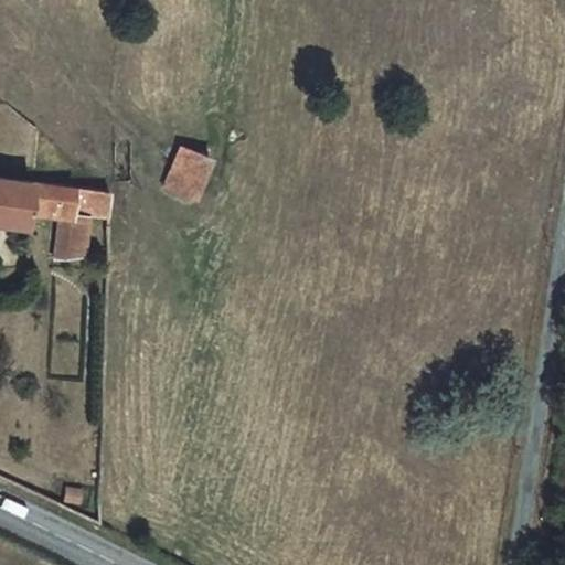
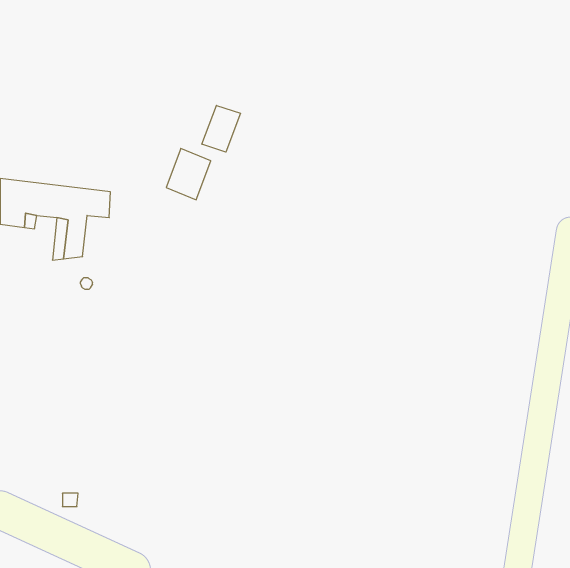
building: none -> [202,105,240,152]

